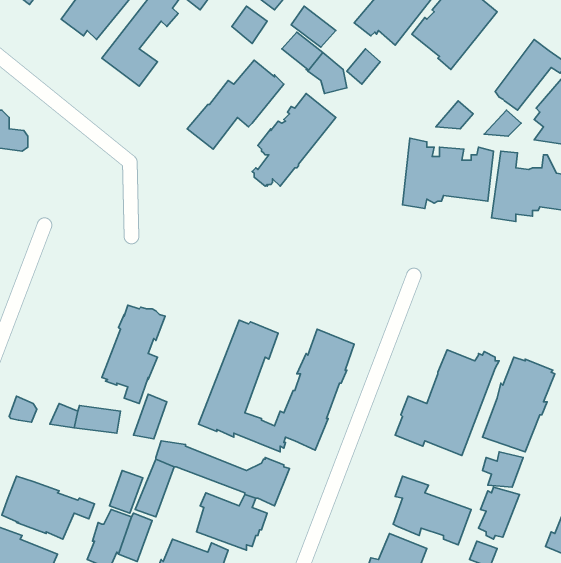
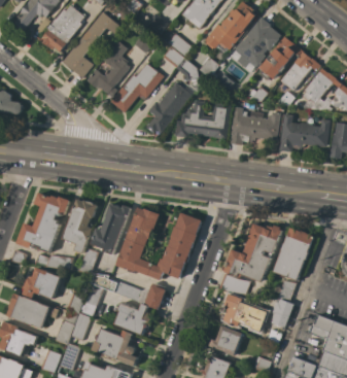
building: none -> [258,36,302,80]
building: none -> [85,41,129,98]
building: none -> [174,100,230,139]
building: none -> [16,192,69,252]
building: none -> [91,203,131,254]
building: none -> [22,267,61,299]
building: none -> [218,274,250,295]

